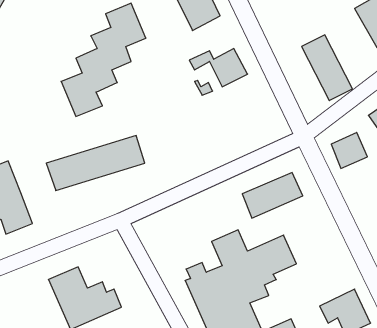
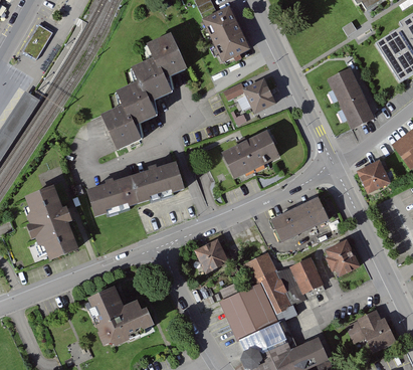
building: none -> [223,131,282,178]
building: none -> [194,239,227,272]
building: none -> [325,239,360,275]

